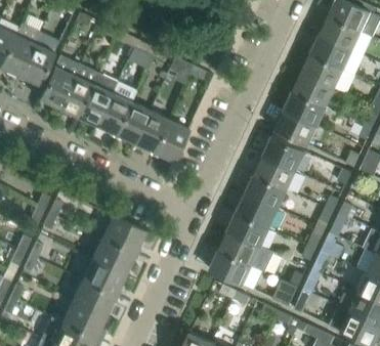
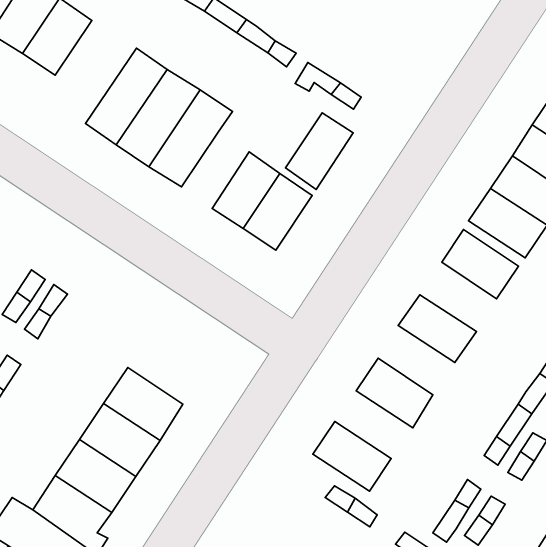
building: [39,54,80,109] -> none
building: [116,102,150,144] -> [286,113,353,189]
building: [254,155,296,189] -> none
building: [237,192,279,227] -> none
building: [101,215,144,253] -> none
building: [218,231,261,265] -> none

